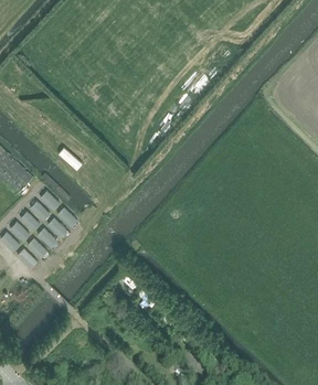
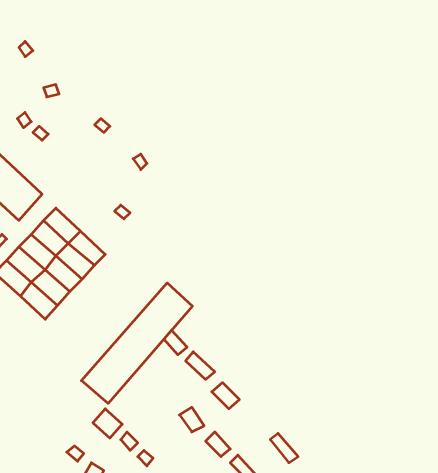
building: none -> [81,283,192,403]

